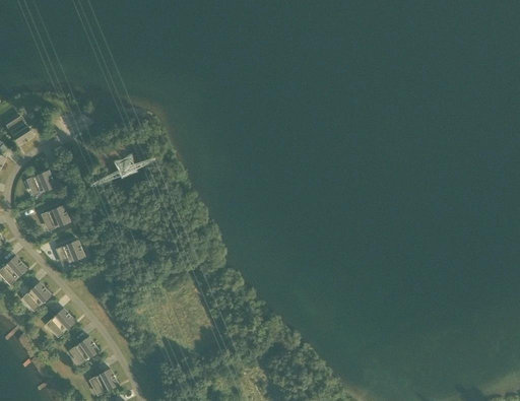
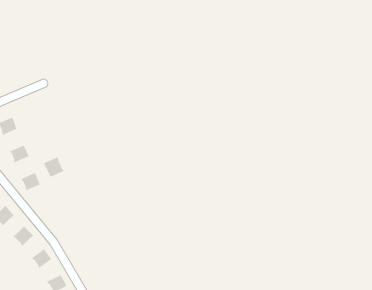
building: none -> [43,153,67,178]

